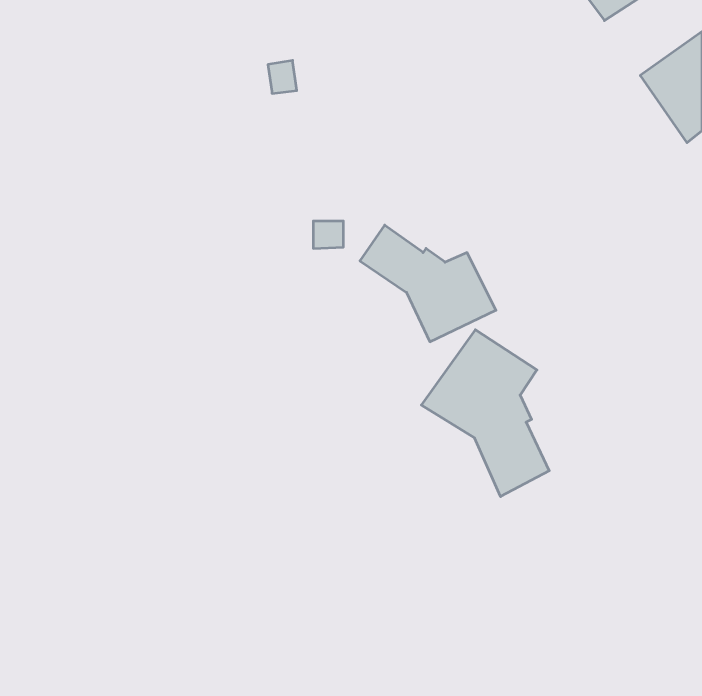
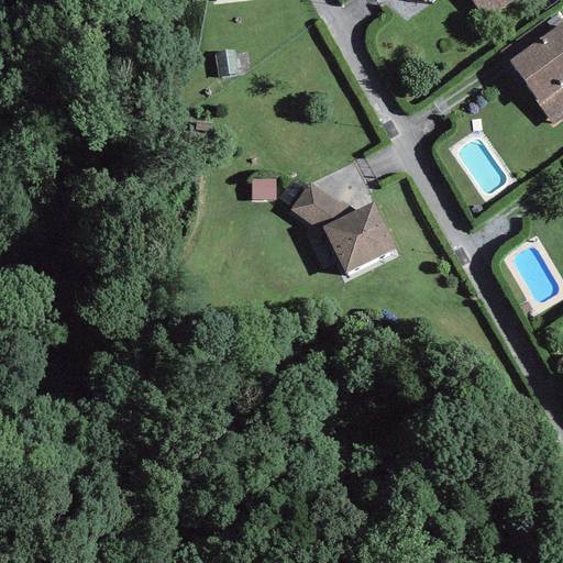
building: [421,330,549,497] -> none

